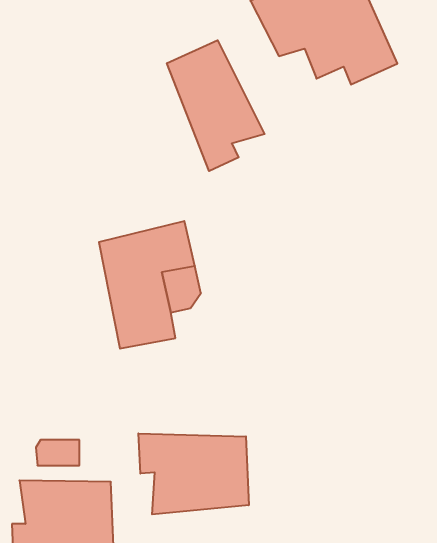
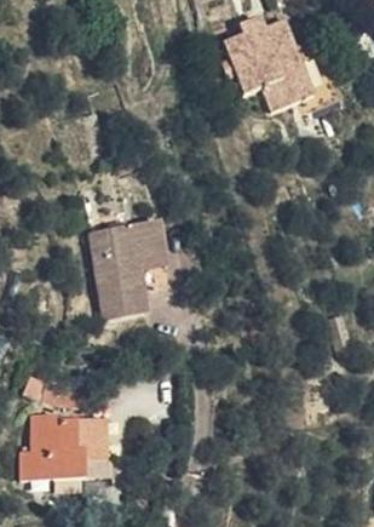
building: [167,40,265,171] -> none
building: [138,433,249,514] -> none

